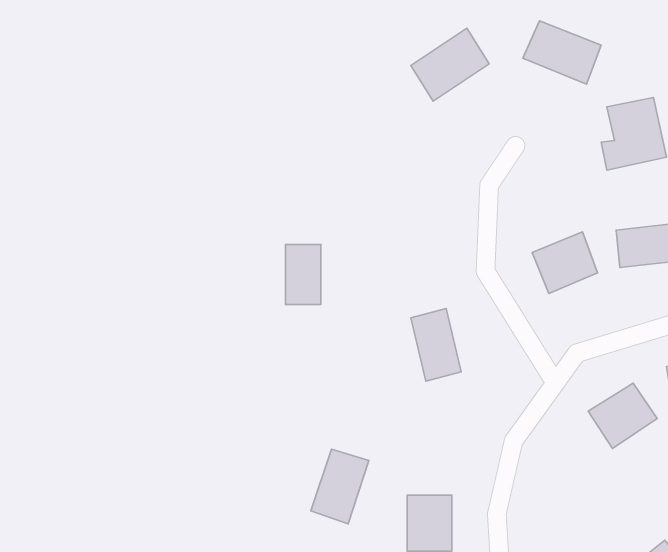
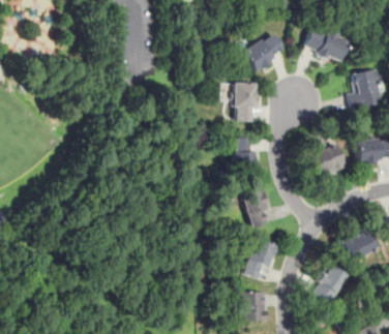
building: none -> [235,82,256,121]
building: [286,245,321,304] -> [236,138,256,171]
building: [311,449,369,524] -> [244,238,276,279]
building: none -> [316,266,347,301]

